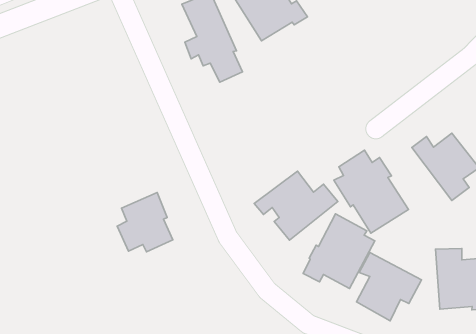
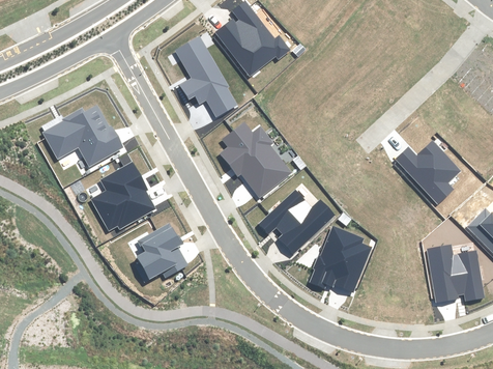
building: none -> [44,104,120,166]
building: none -> [91,163,154,230]
building: [334,150,409,233] -> [220,122,290,197]
building: [356,252,421,321] -> none

